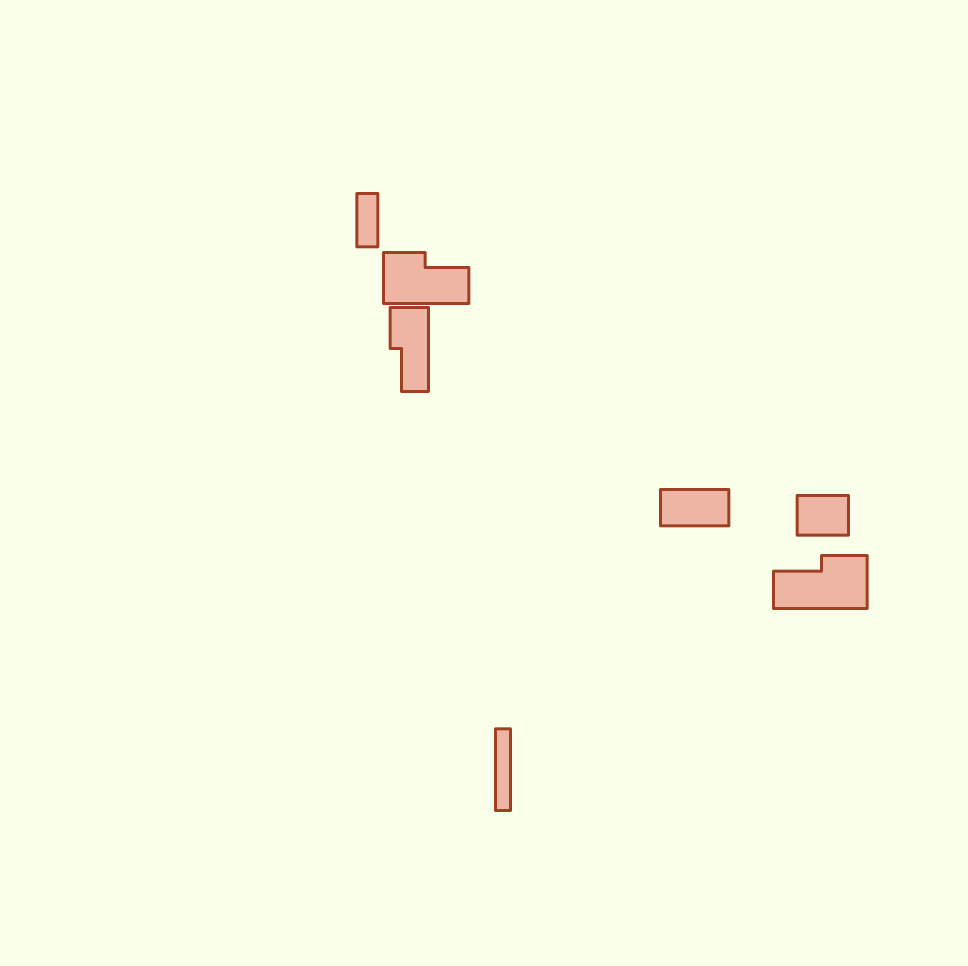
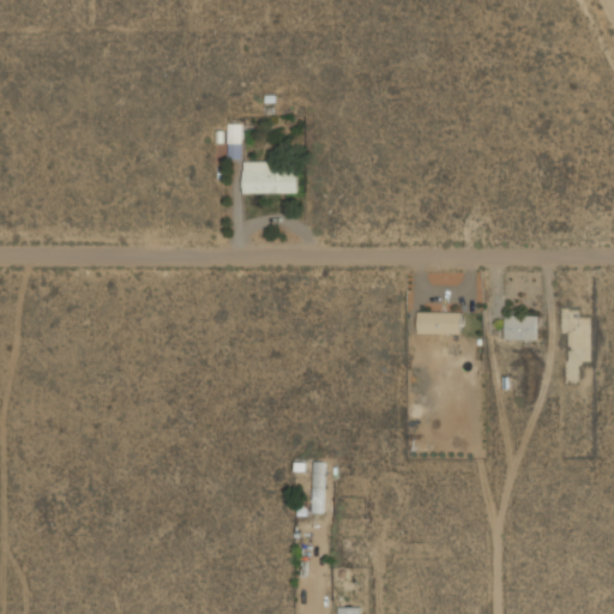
building: [390,308,428,391] -> none
building: [773,556,867,608] -> none

